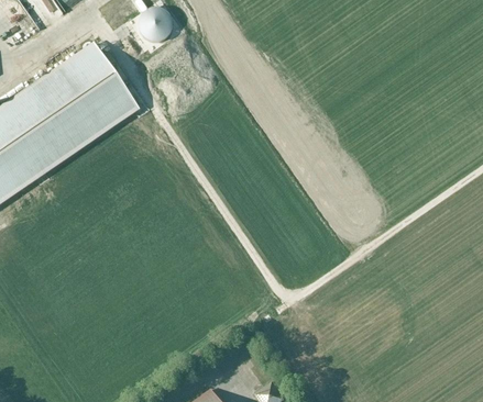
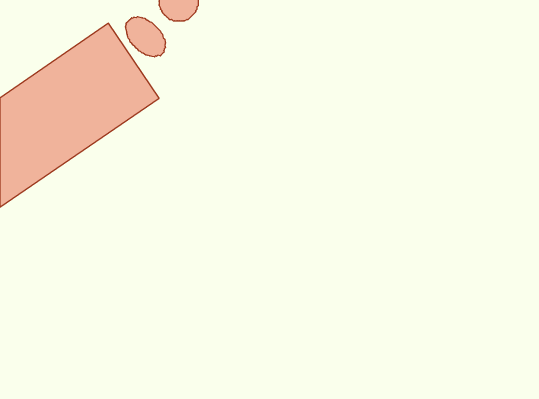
building: none -> [126,17,166,57]

